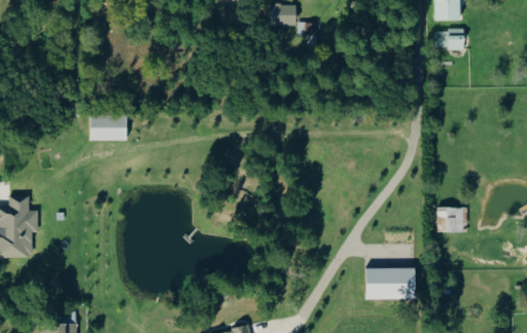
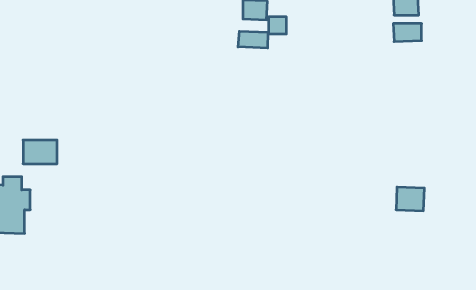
building: none -> [238,31,268,48]
building: [90,114,127,140] -> [23,140,57,164]
building: [365,267,415,299] -> none

